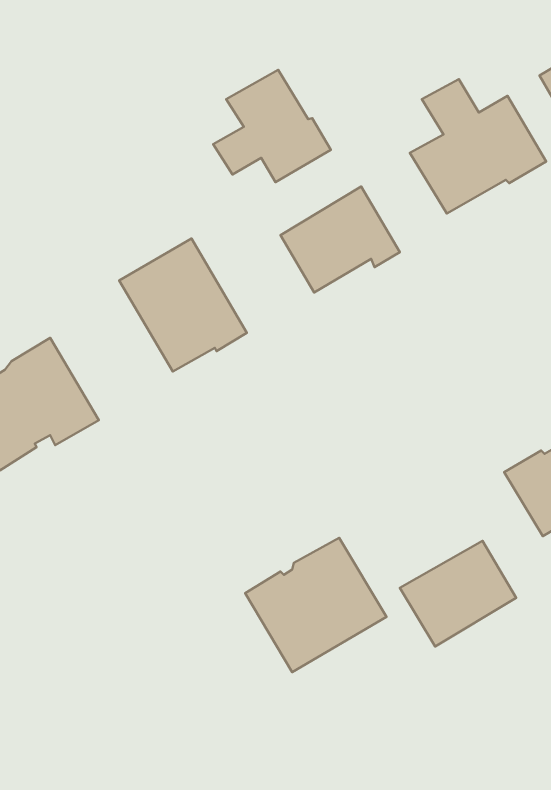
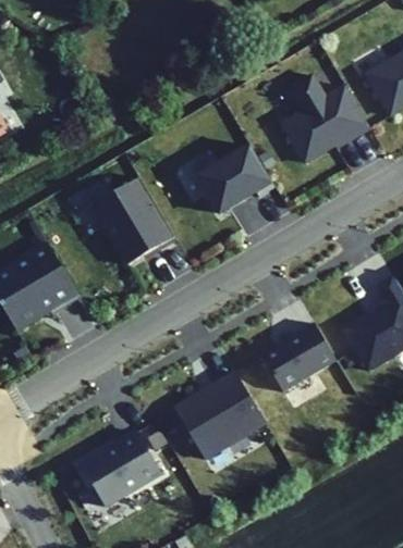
building: [213,70,331,182] -> none
building: [400,541,516,647] -> [260,323,335,391]
building: none -> [80,432,161,506]

